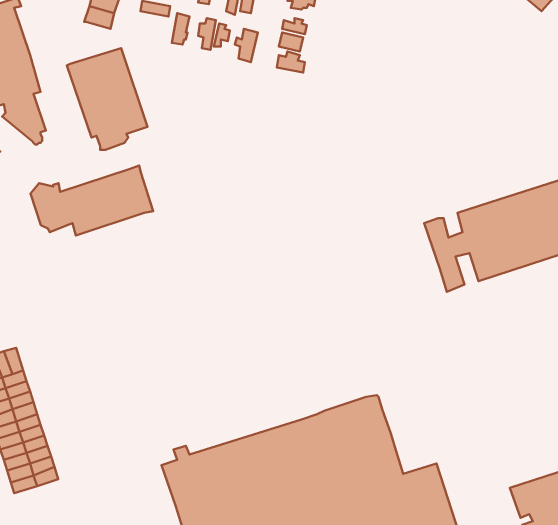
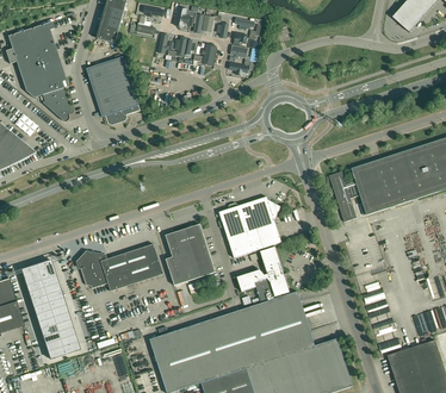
building: [30,165,153,236] -> [79,243,162,291]
building: none -> [218,197,289,302]
building: none -> [165,224,215,285]

